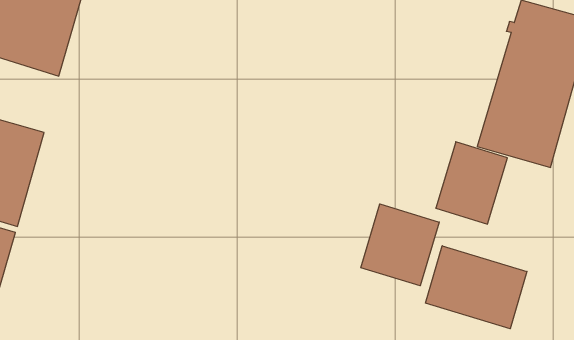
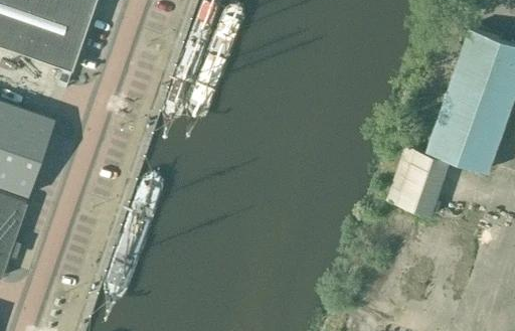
building: [361,204,439,286] -> none
building: [425,246,527,329] -> none

